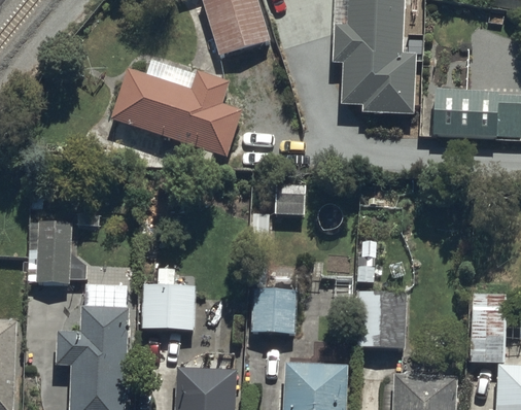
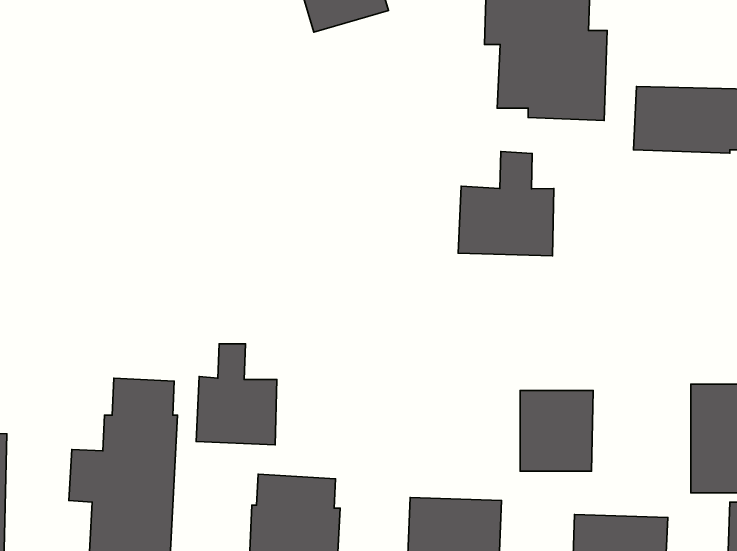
building: [111,59,244,157] -> none
building: none -> [458,152,554,256]
building: [30,220,82,281] -> none
building: [251,283,297,327] -> none

